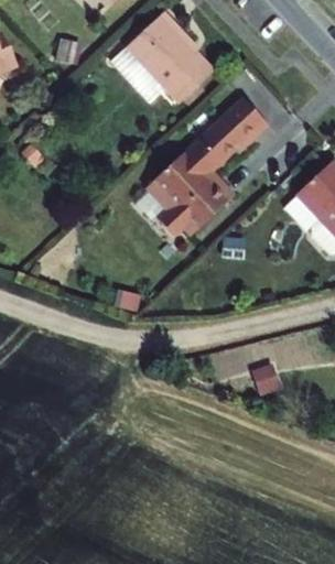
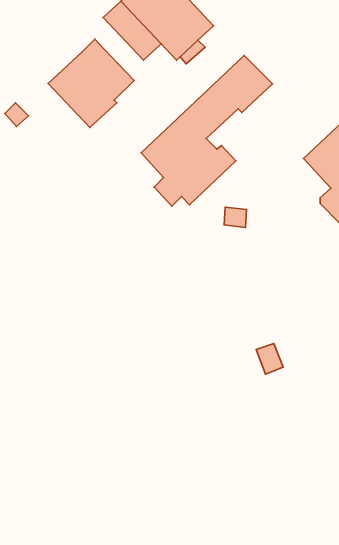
building: none -> [48,39,134,128]

